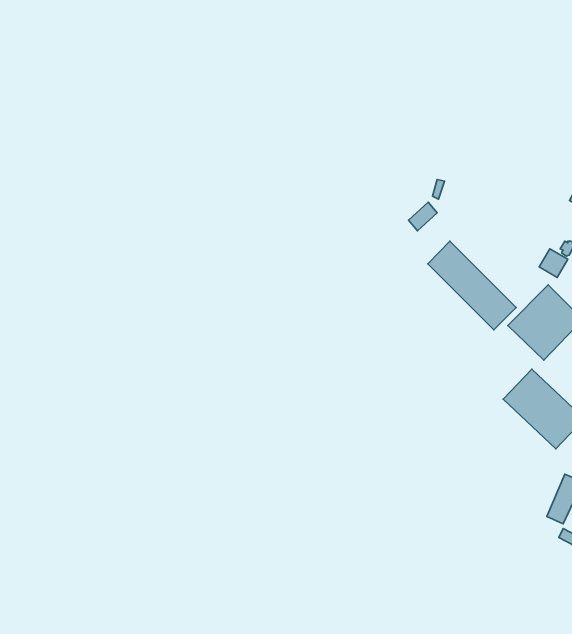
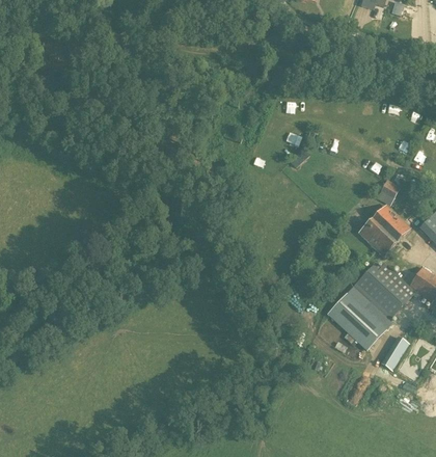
building: [428,241,516,330] -> none
building: none -> [325,293,384,351]

